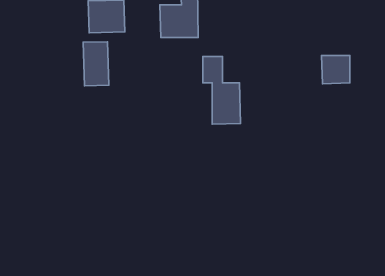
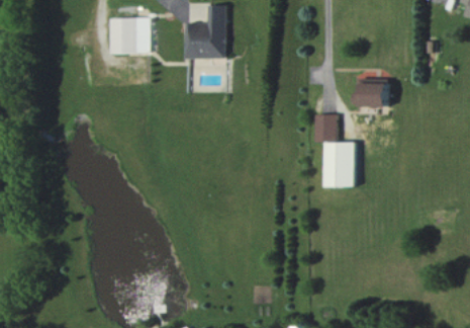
building: [83,42,109,86] -> none
building: [203,57,240,124] -> [315,114,356,187]

